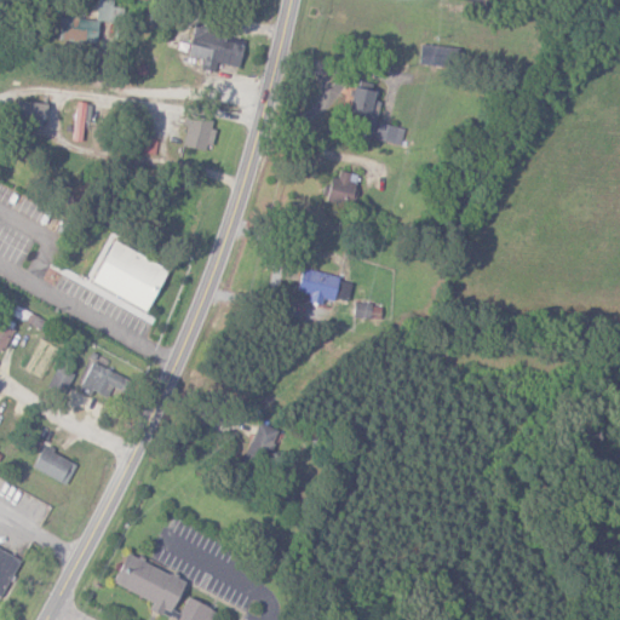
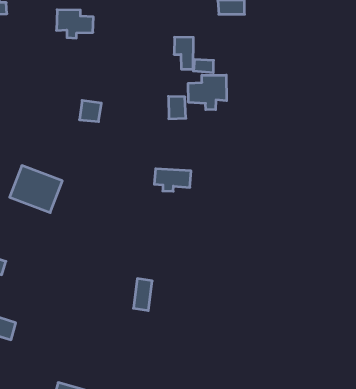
building: [183,120,217,153] -> [79,100,101,122]
building: none -> [188,75,227,110]
building: [80,361,124,398] -> none

